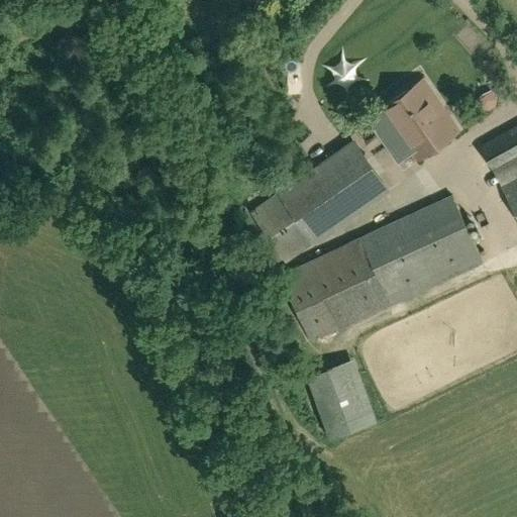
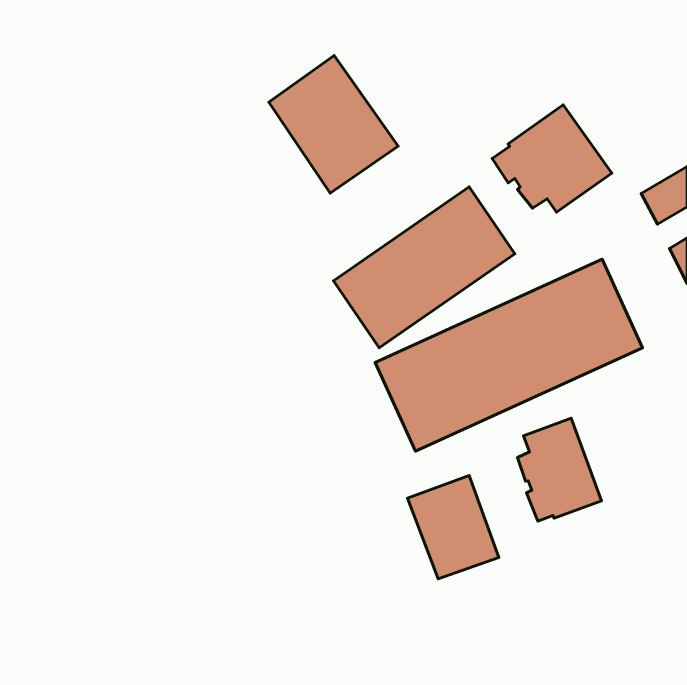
building: none -> [269,56,398,193]
building: none -> [518,418,602,521]

